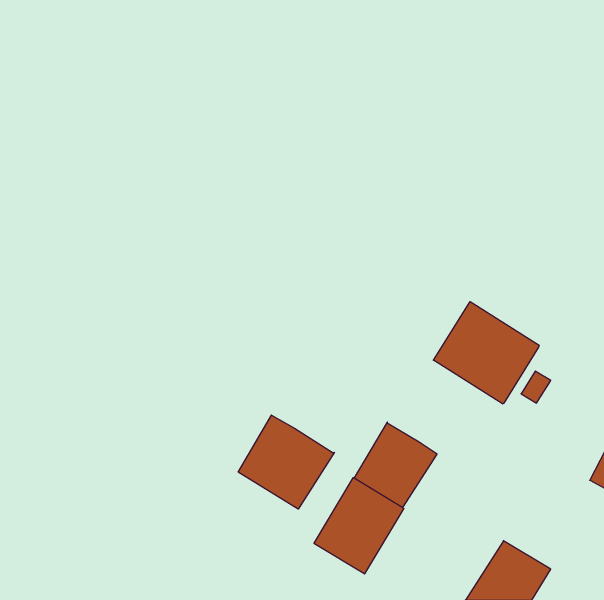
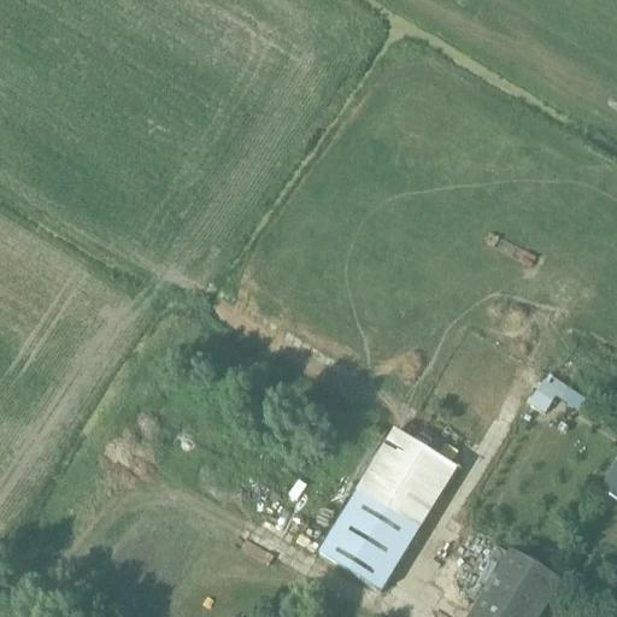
building: [433,302,539,404] -> none
building: [238,415,334,509] -> none

